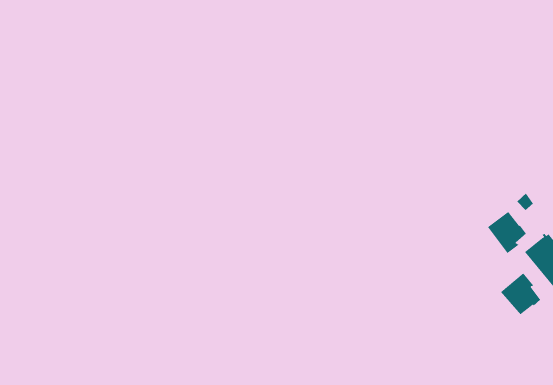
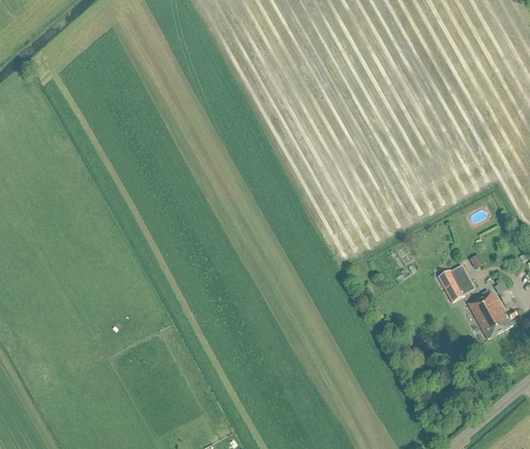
building: [500,273,541,315] -> none

